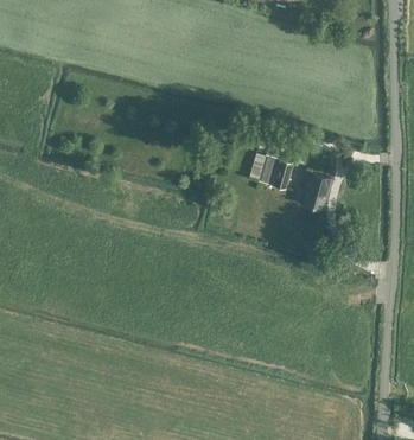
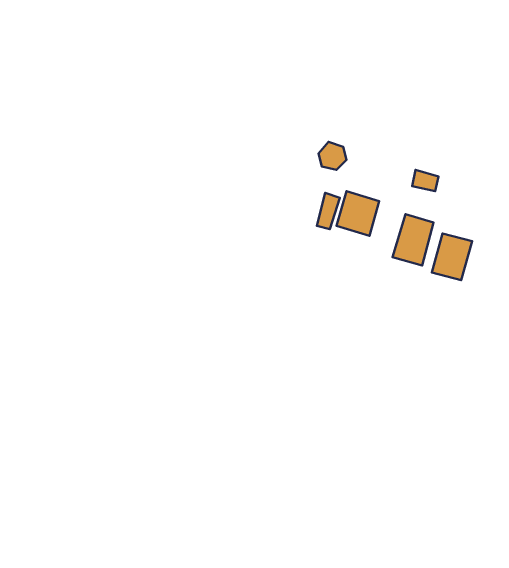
building: none -> [432,233,472,280]

